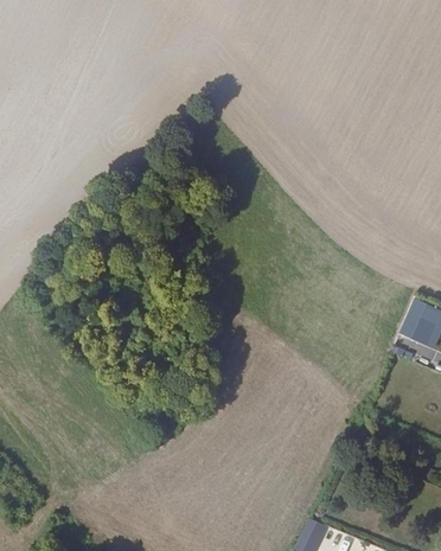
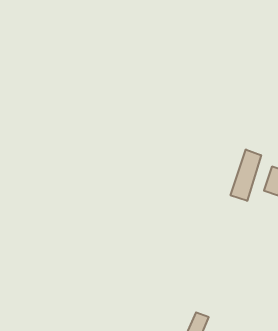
building: none -> [231,149,261,201]

